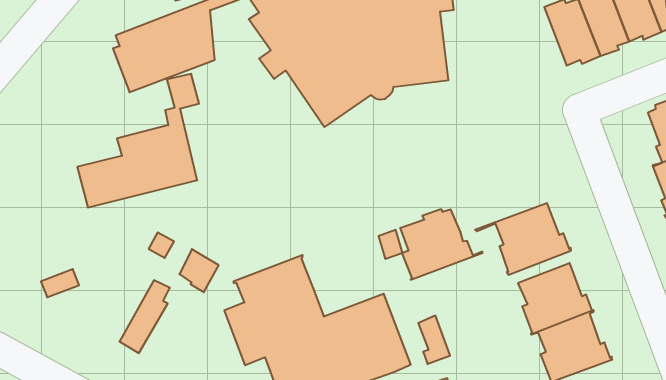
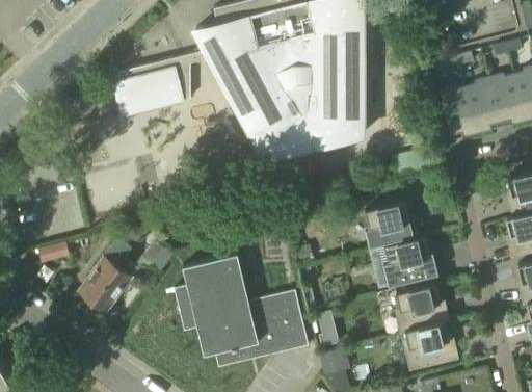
building: [400,209,483,280] -> [364,201,424,251]
building: none -> [78,238,131,302]

